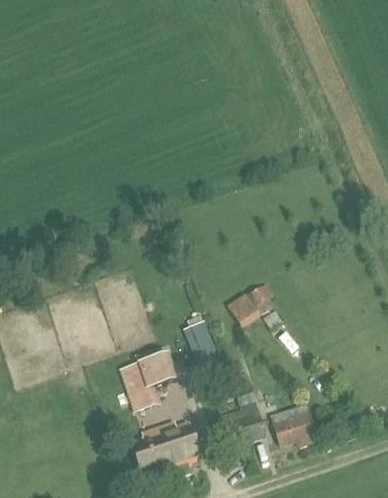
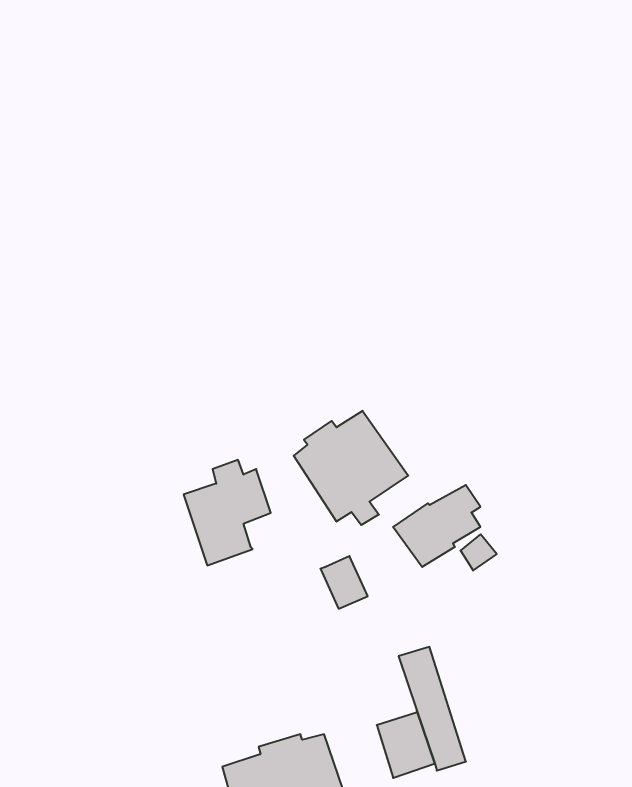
building: none -> [294,411,408,525]
building: [121,351,170,410] -> [184,460,271,565]
building: [272,406,316,445] -> none

